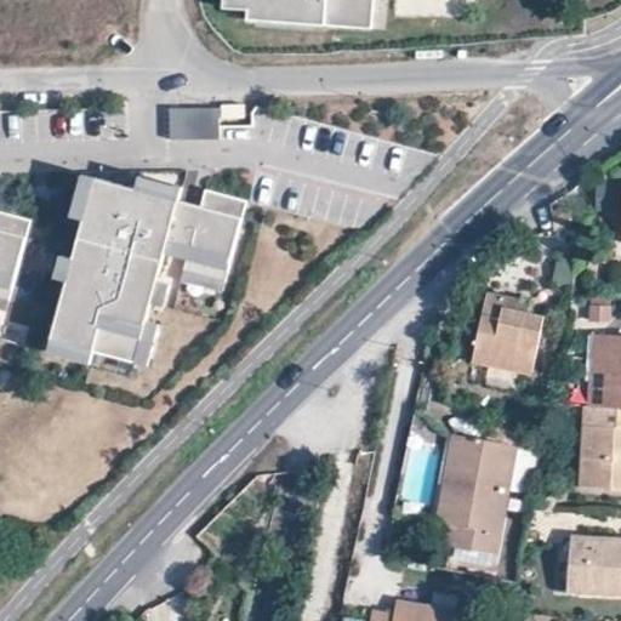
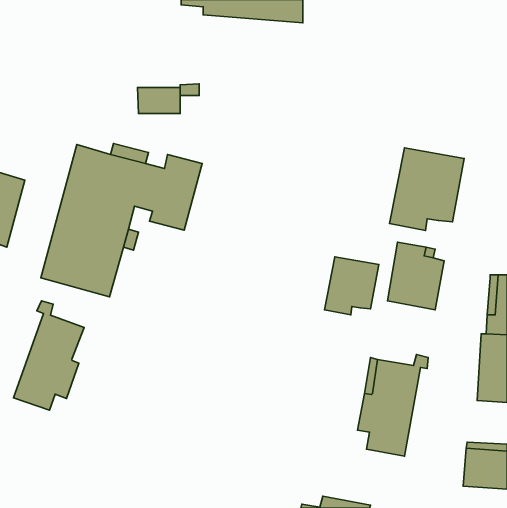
building: none -> [389,148,464,231]
building: none -> [324,257,379,315]
building: none -> [14,301,84,410]

